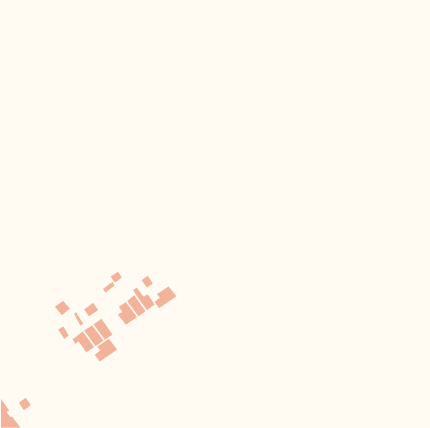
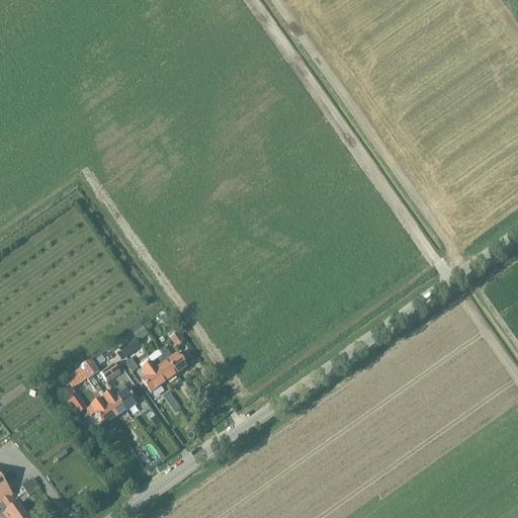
building: [154,285,177,309] -> none
building: [94,338,118,363] -> none

